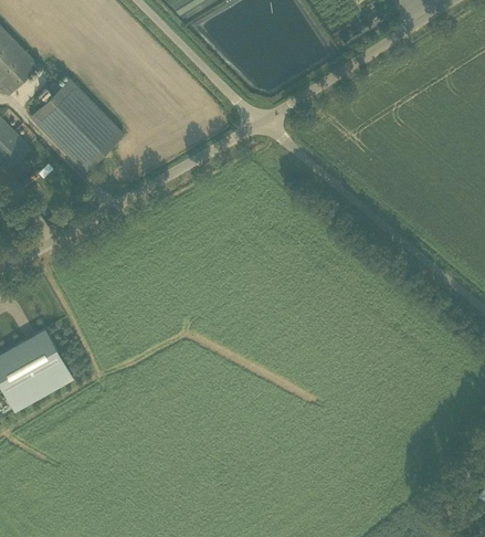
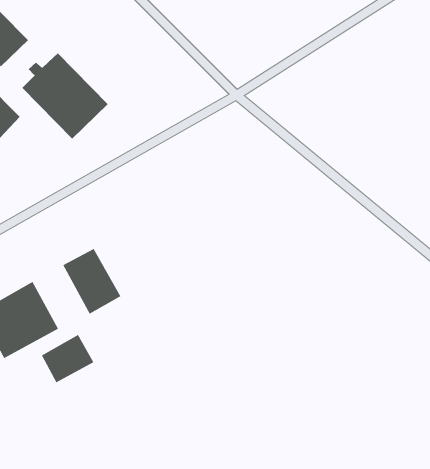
building: none -> [62,248,121,315]
building: none -> [41,334,94,383]

